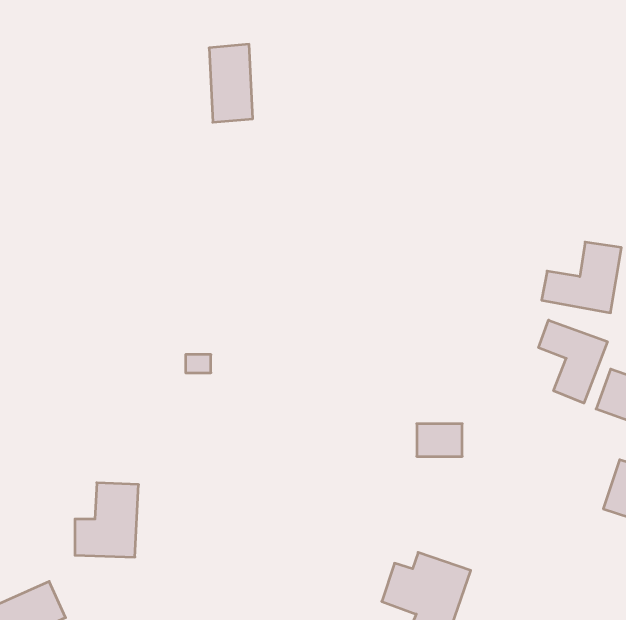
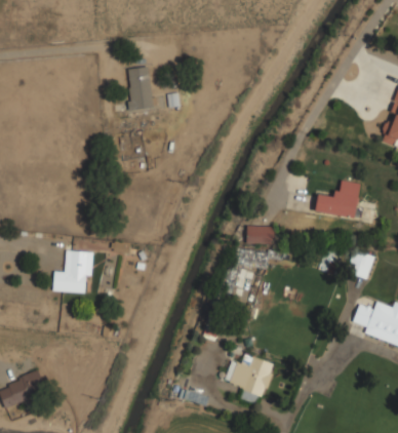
building: [539,320,607,403] -> none
building: [417,424,462,456] -> [247,225,273,243]
building: [75,483,139,557] -> [54,249,90,291]

